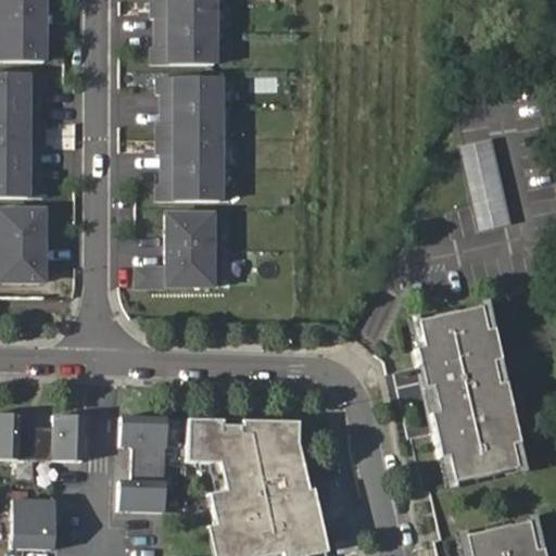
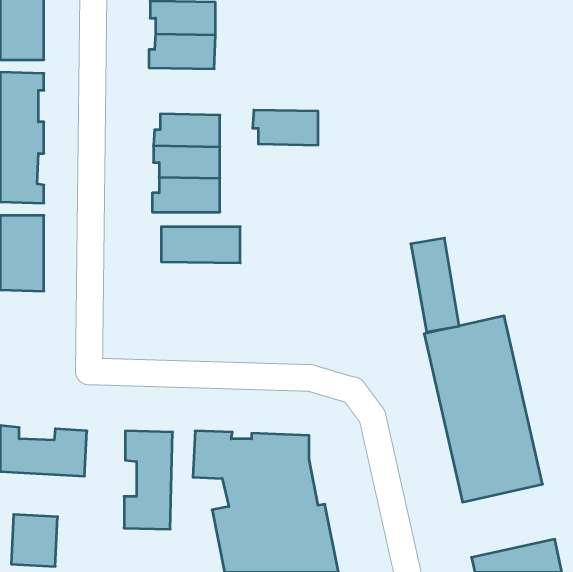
building: [152,77,215,111] -> [253,110,318,145]
building: [463,146,509,236] -> [411,238,459,332]
building: [130,252,235,290] -> none

